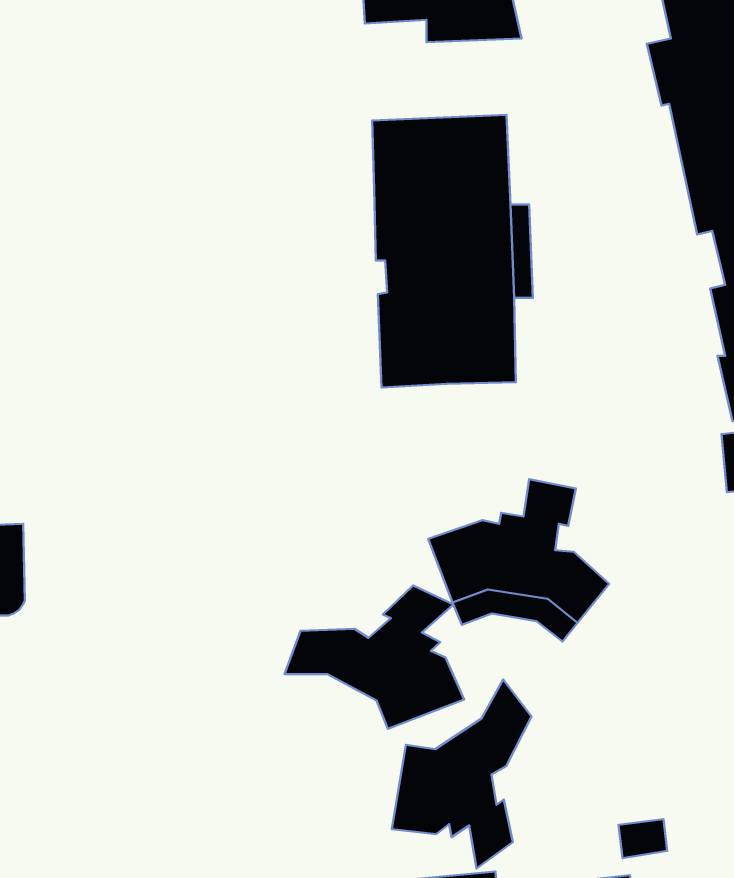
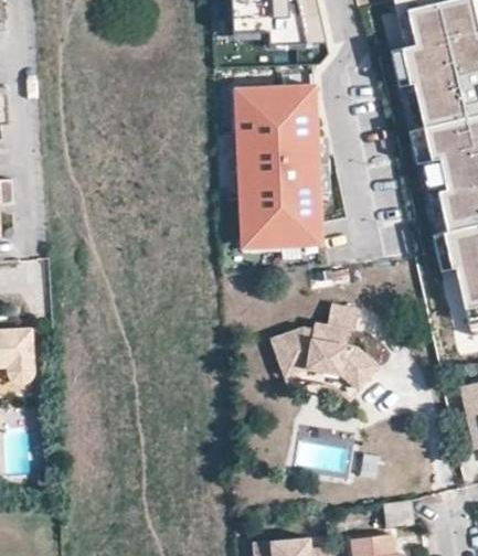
building: [285,585,464,729] -> none
building: [392,680,532,869] -> none

